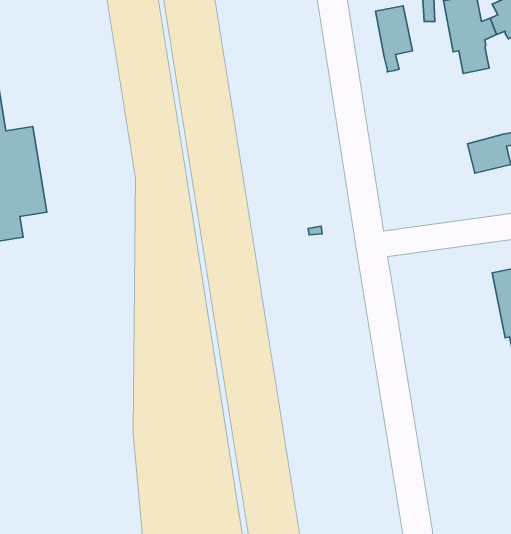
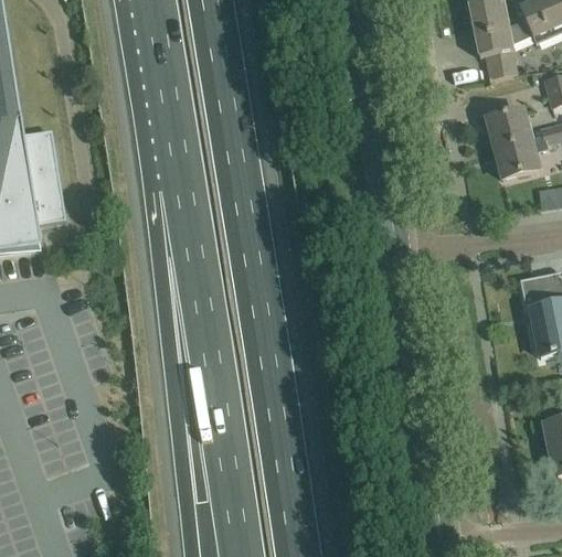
building: [376,6,413,72] -> none
building: none -> [487,110,531,149]

